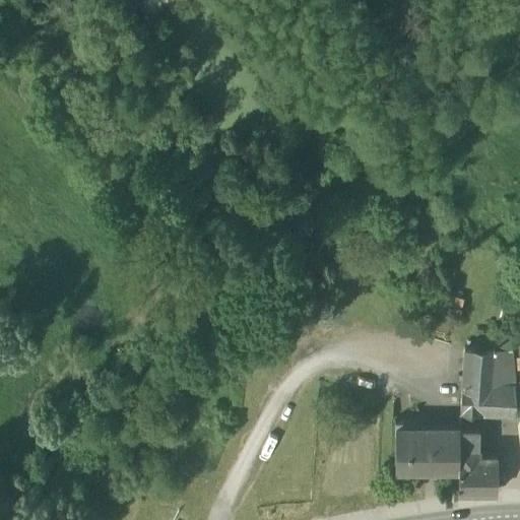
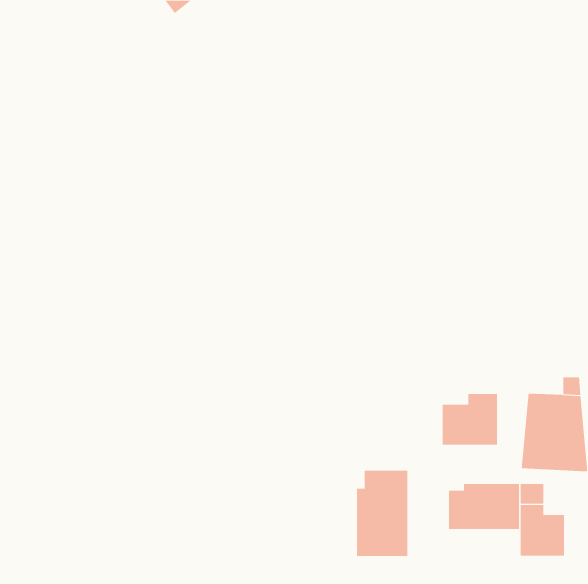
building: none -> [442,393,498,445]
building: none -> [357,470,408,557]

